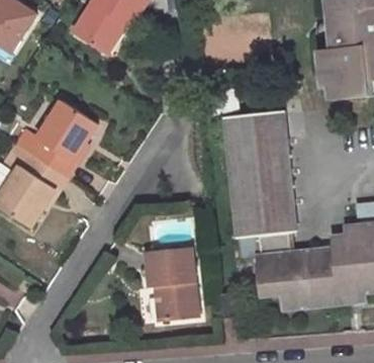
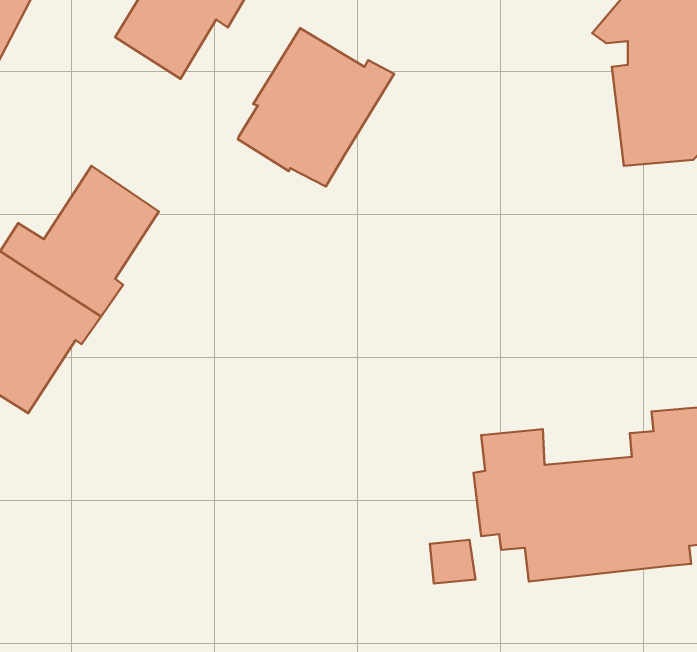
building: none -> [238,28,394,186]
building: [222,111,299,239] -> none
building: [146,250,199,325] -> none

